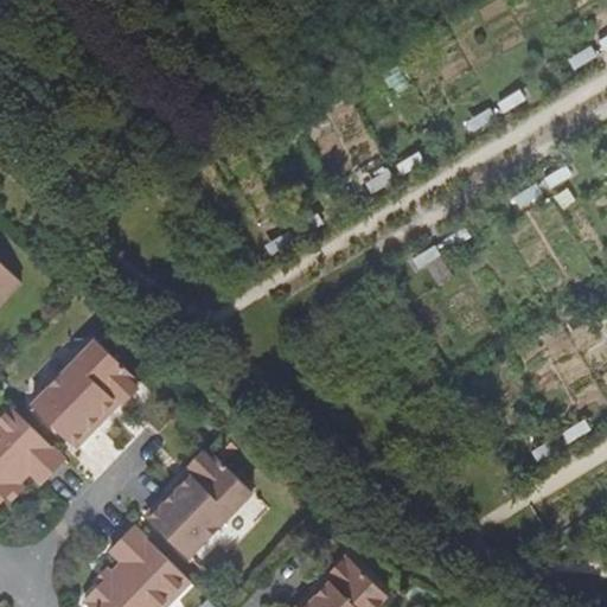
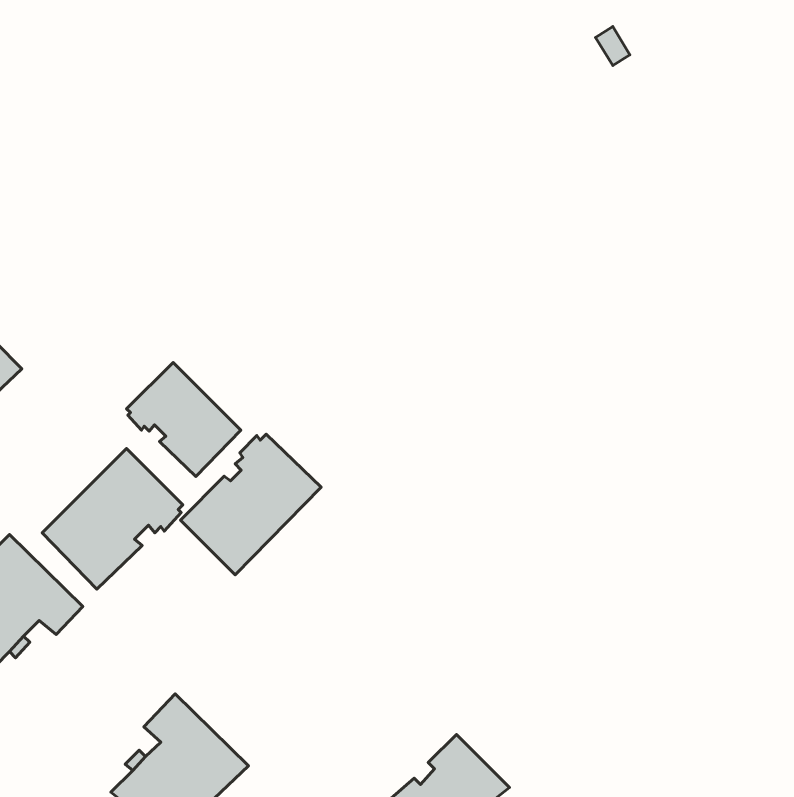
building: none -> [127,362,241,477]
building: [145,452,251,558] -> [180,434,321,575]

